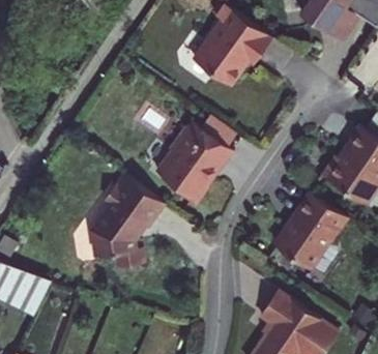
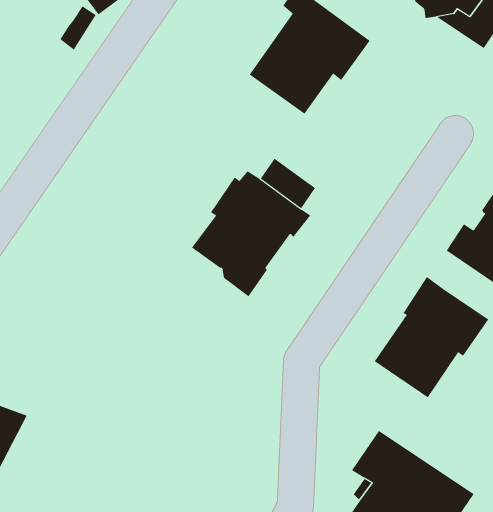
building: [91,174,164,269] -> none

